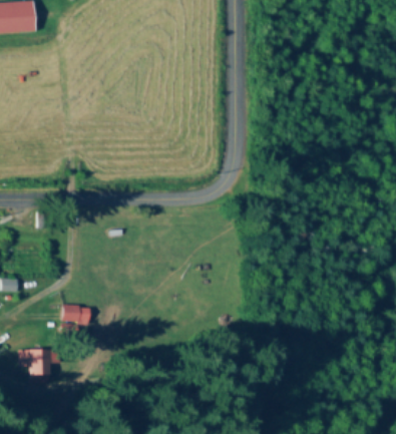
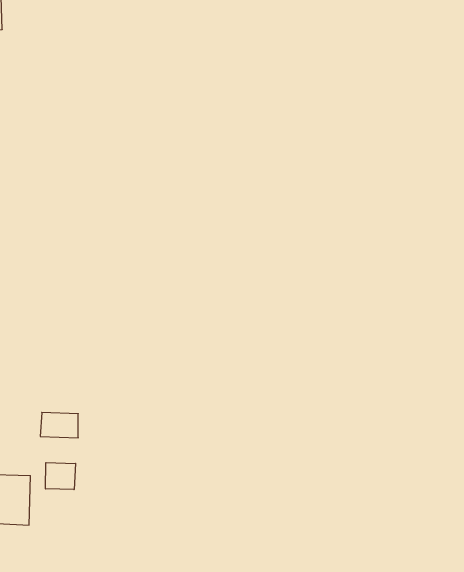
building: none -> [46,463,76,490]

